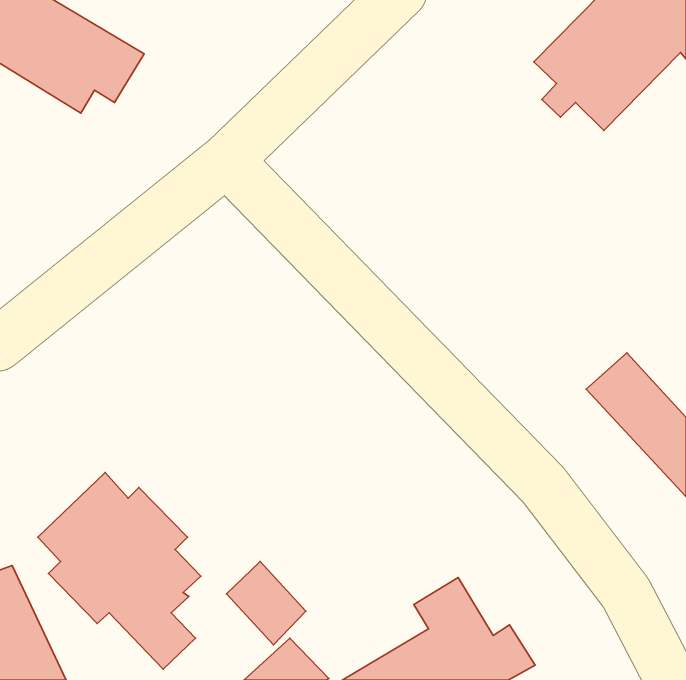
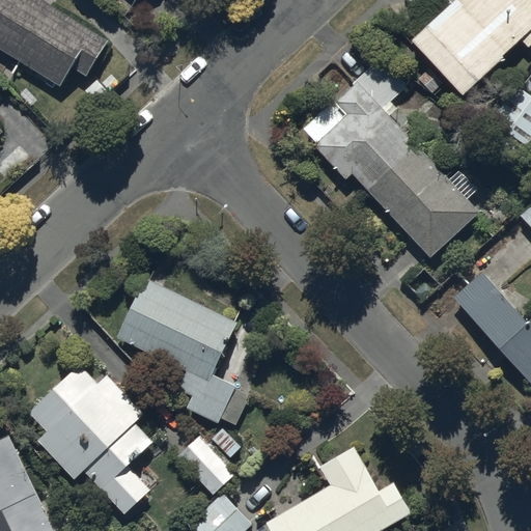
building: none -> [302,57,479,257]
building: none -> [117,278,250,422]

